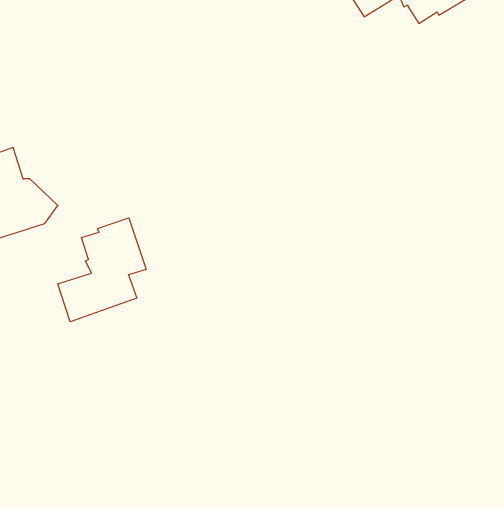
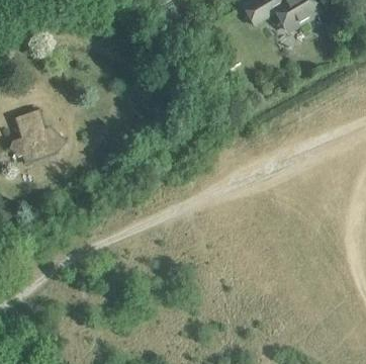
building: [58,218,146,322] -> none

